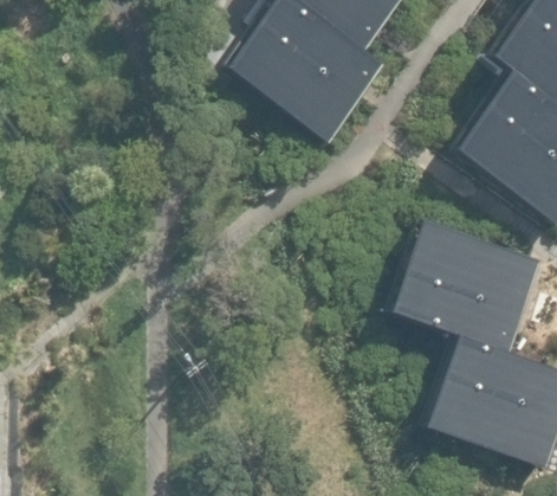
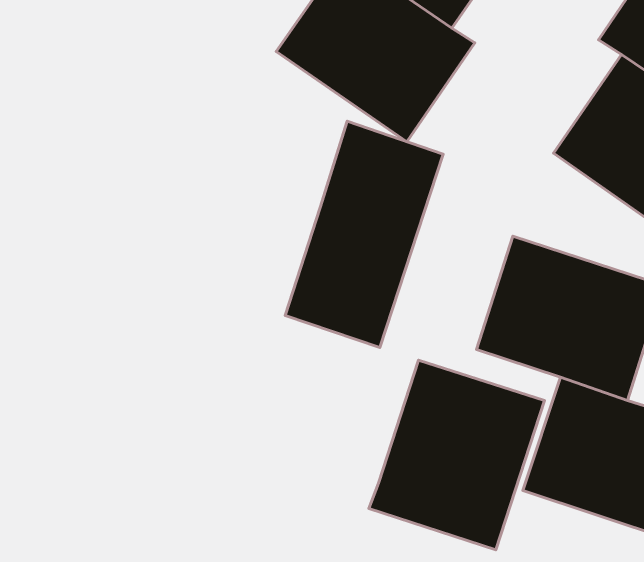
building: none -> [285,121,443,347]
building: none -> [369,360,545,550]

